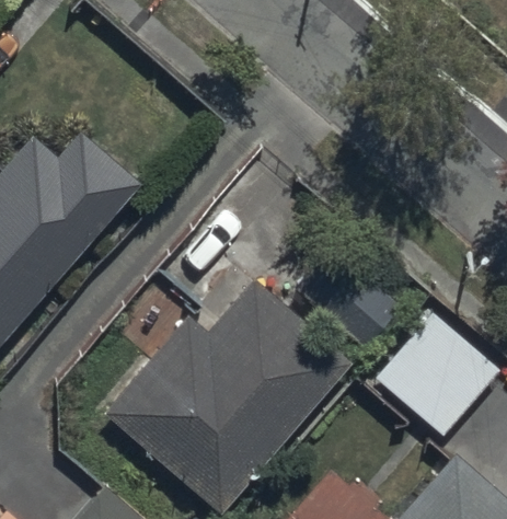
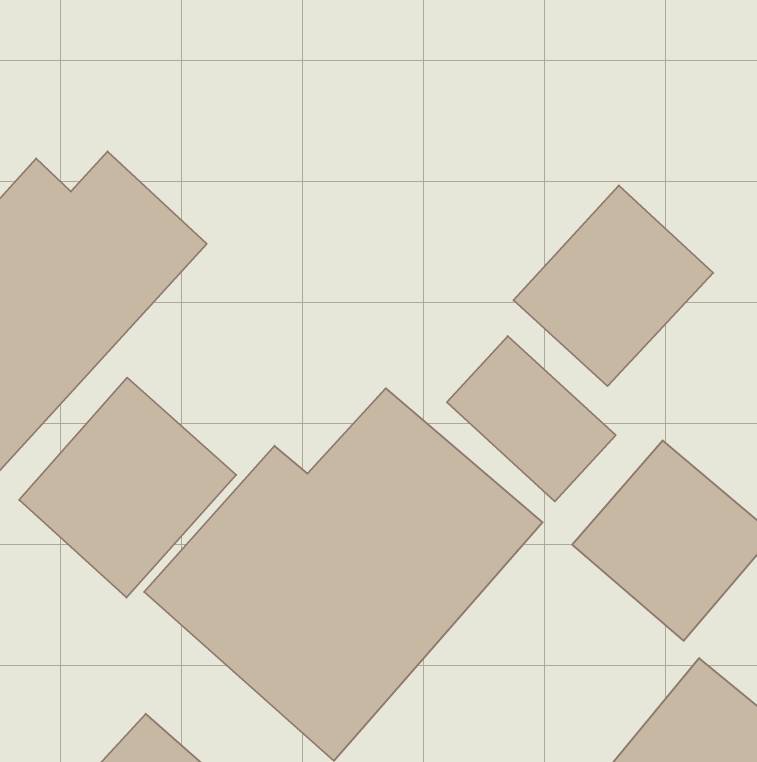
building: none -> [513,185,713,386]
building: none -> [19,378,236,598]

